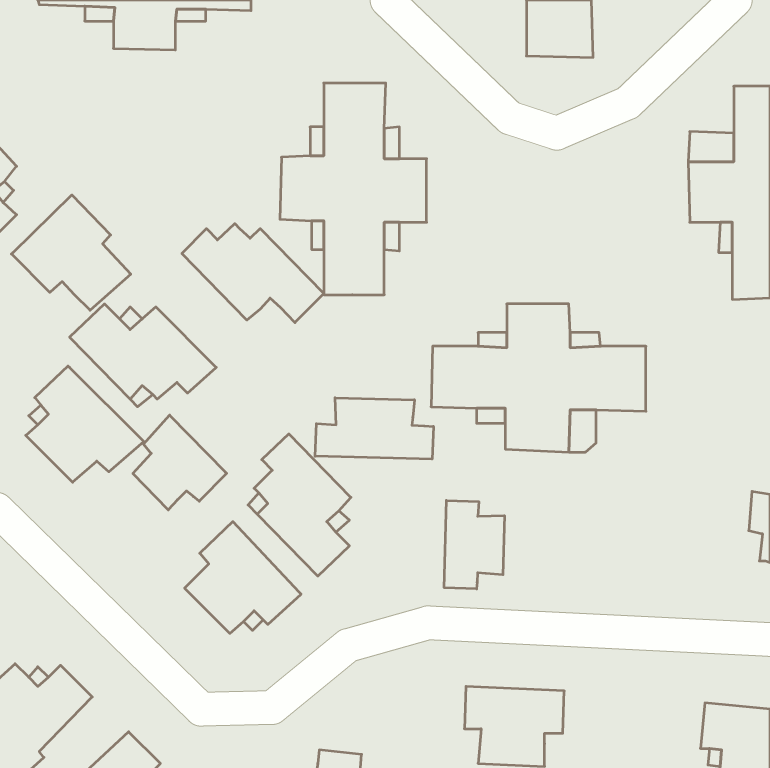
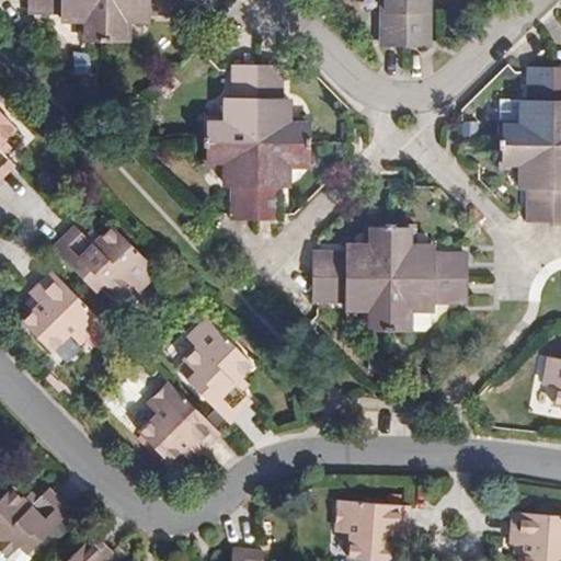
building: [11,195,131,310] -> none
building: [182,224,324,323] -> none
building: [315,398,433,459] -> none
building: [133,415,227,510] -> none
building: [444,500,504,589] -> none

